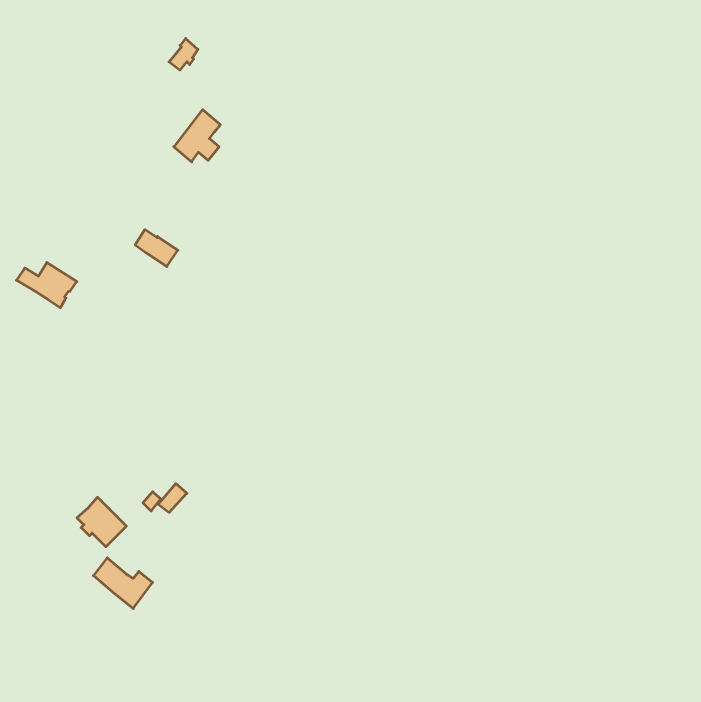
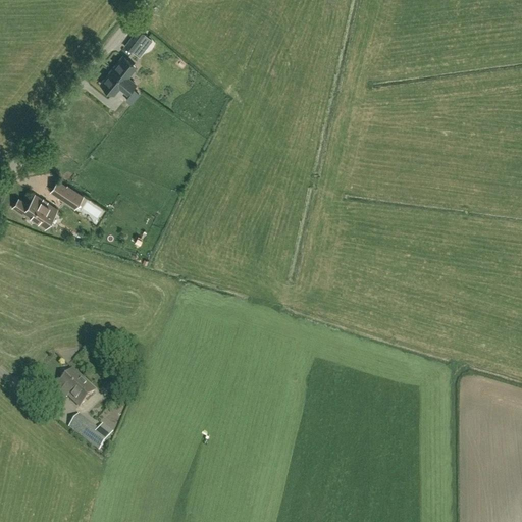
building: [174,110,220,162] -> [102,56,137,95]
building: [135,230,178,267] -> [52,180,84,208]

